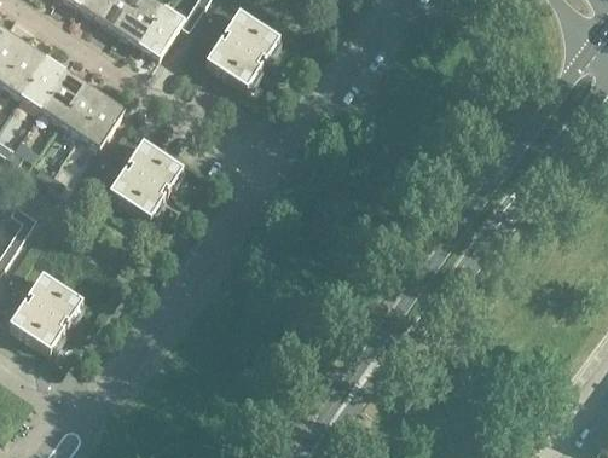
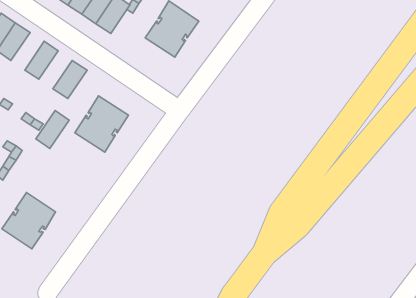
building: [19,54,65,106] -> none
building: [58,80,104,132] -> [36,111,69,148]

